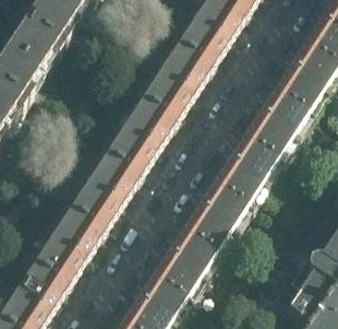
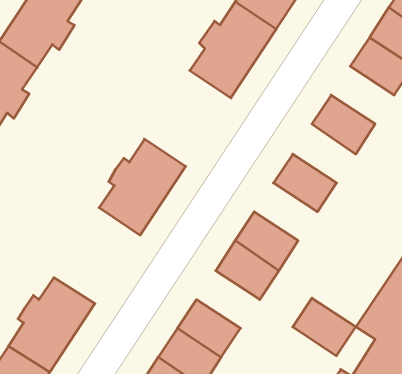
building: [275,64,325,110] -> none
building: [126,68,195,144] -> none
building: [244,110,294,157] -> none
building: [214,157,264,203] -> none
building: [55,177,123,254] -> none
building: [168,227,218,273] -> [293,298,356,356]

